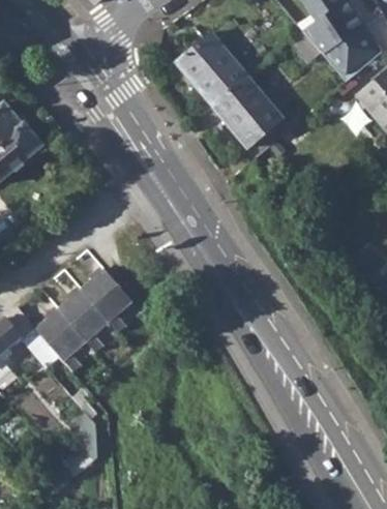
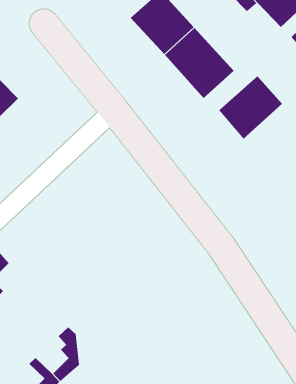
building: none -> [219,76,283,139]
building: [34,267,131,369] -> none

